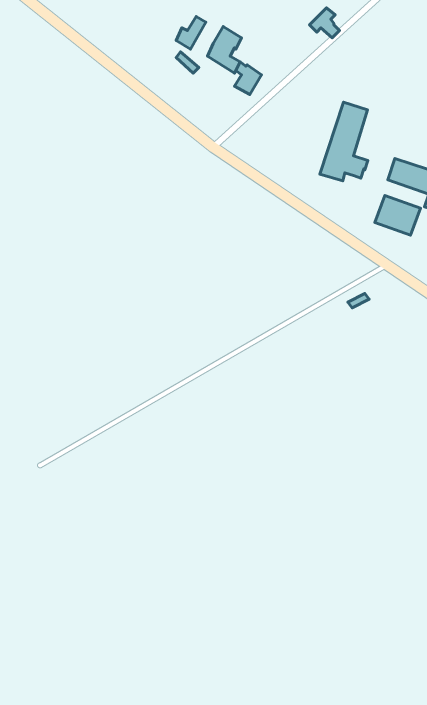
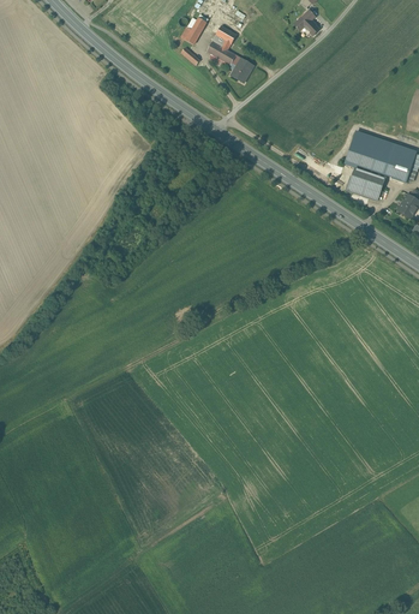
building: [320,102,368,181] -> none

